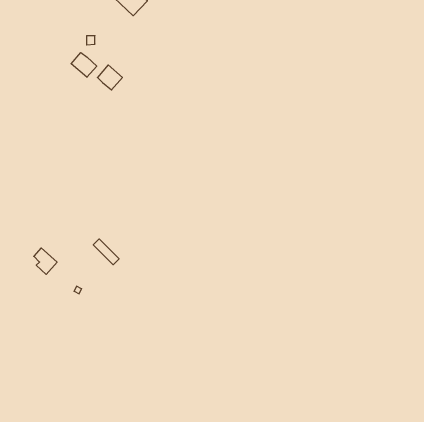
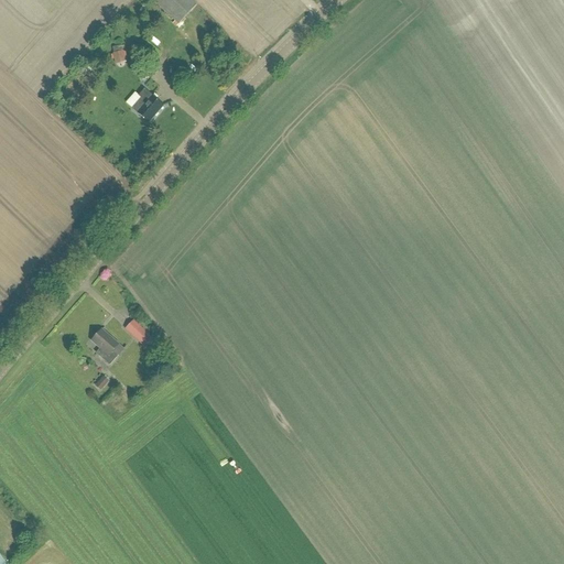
building: [71,53,97,77] -> none
building: [34,248,57,274] -> [90,326,121,361]

